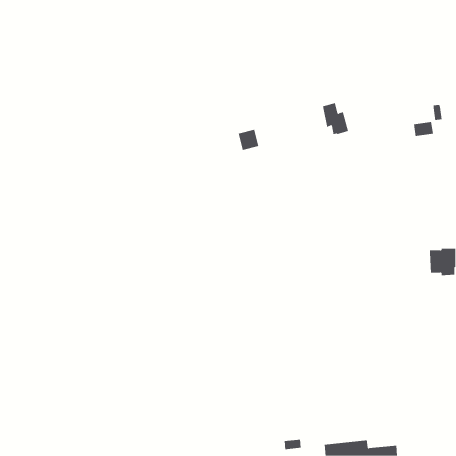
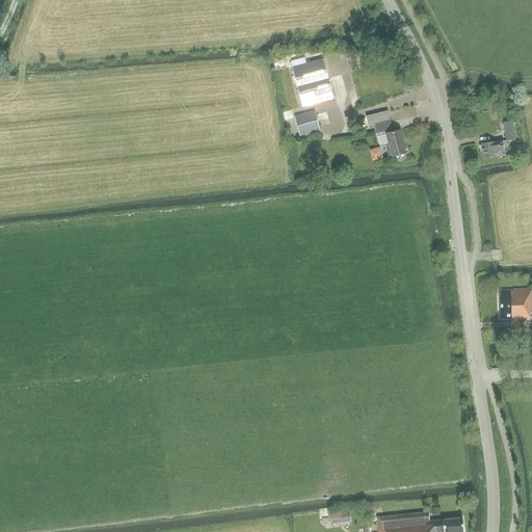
building: none -> [292,59,334,107]
building: [238,129,259,151] -> [295,111,320,136]

